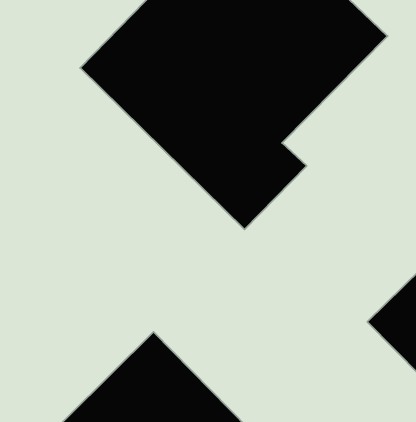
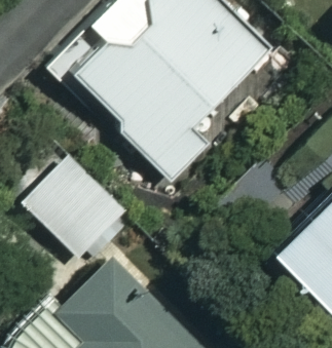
building: none -> [26,153,138,262]

